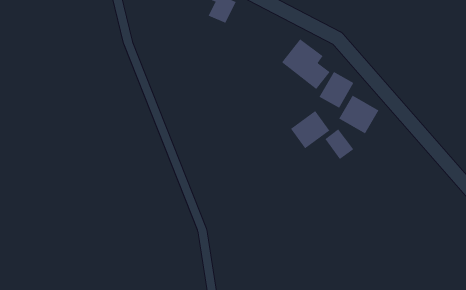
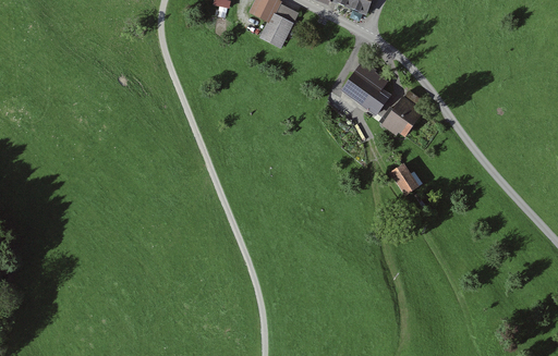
building: [339,95,379,134] -> none
building: [290,110,330,149] -> none

